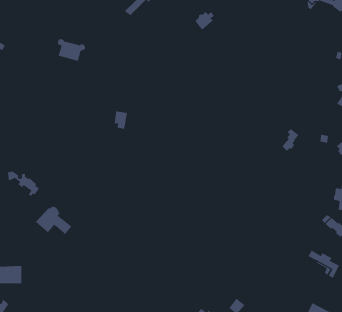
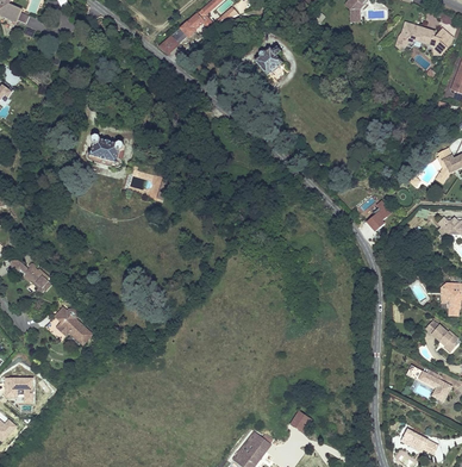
building: [57,38,86,62] -> [89,135,126,164]

